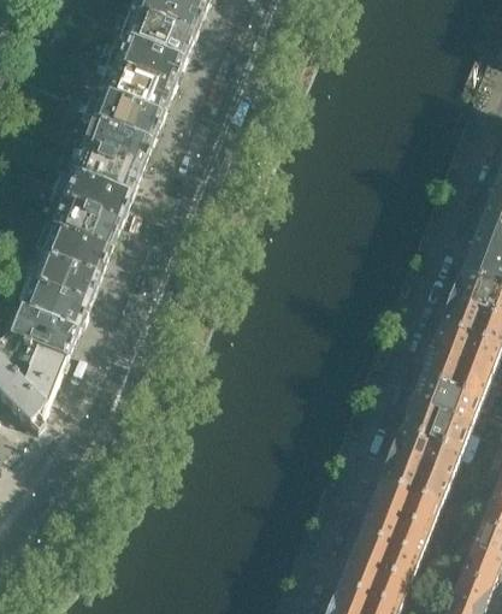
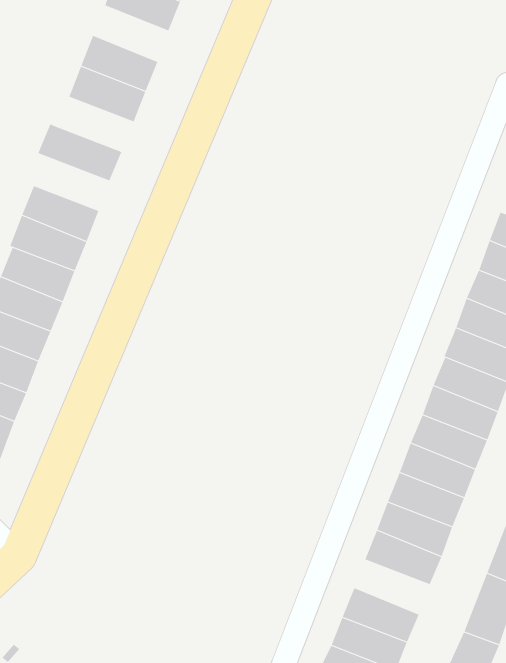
building: [126,8,195,59] -> none
building: [94,90,164,140] -> none
building: [73,143,142,193] -> none
building: [361,506,430,555] -> none

